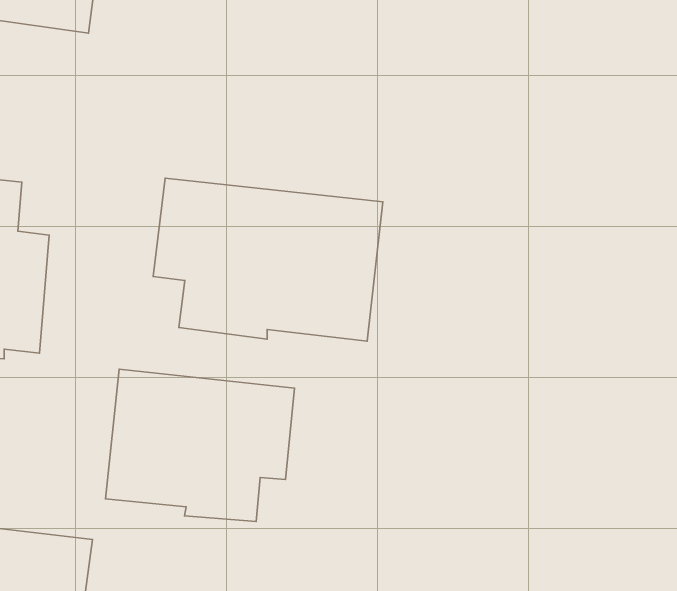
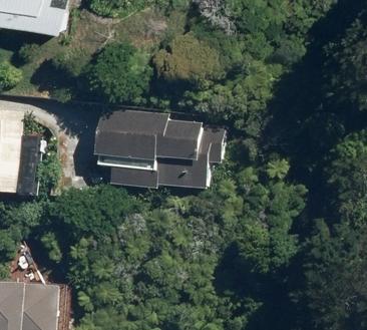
building: [106,369,295,521] -> none

